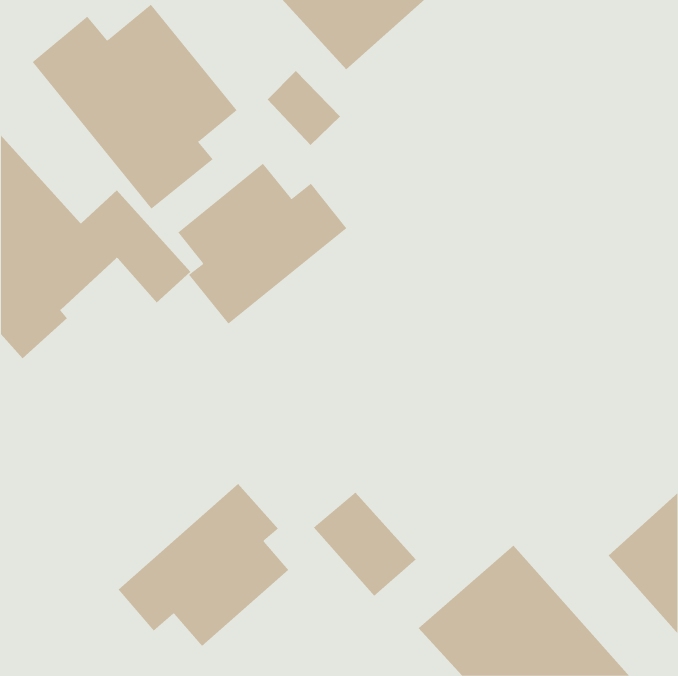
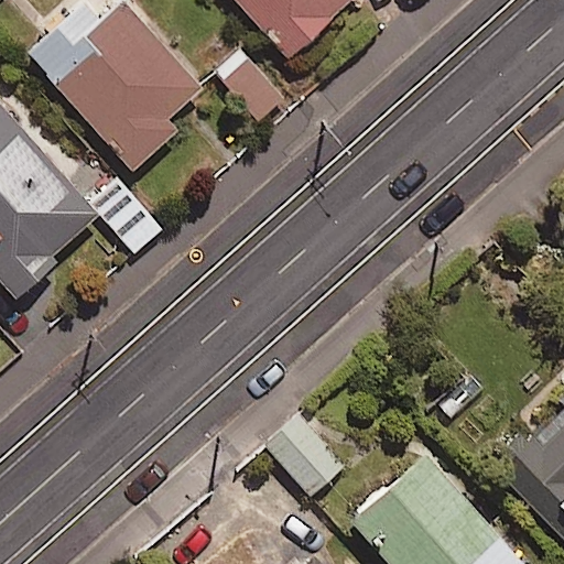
building: [177,163,347,324] -> none
building: [118,483,289,647] -> none

